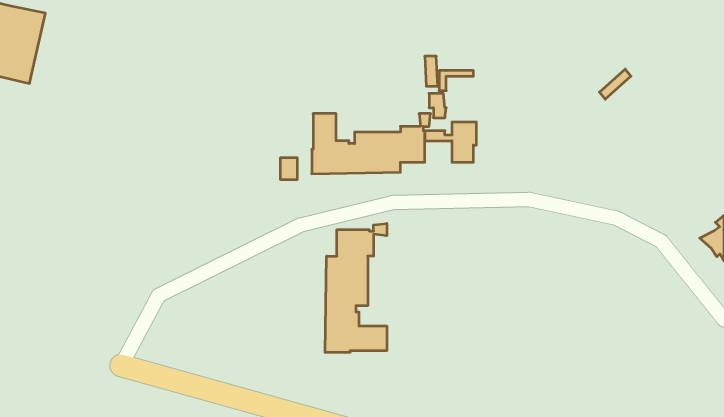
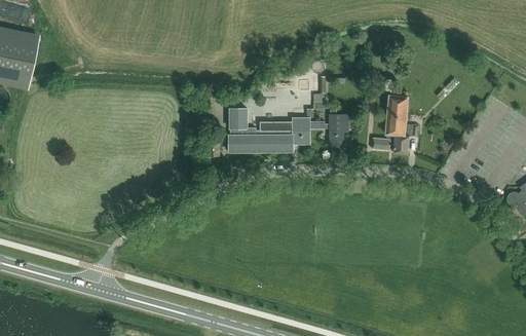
building: none -> [372,95,419,154]
building: [325,223,387,352] -> none

